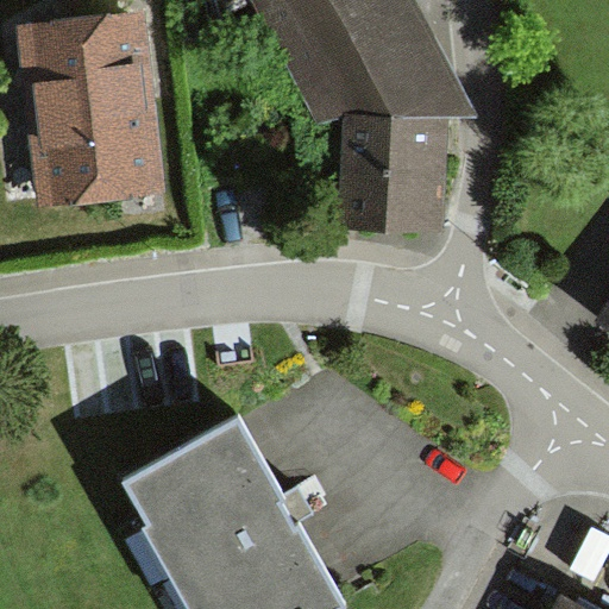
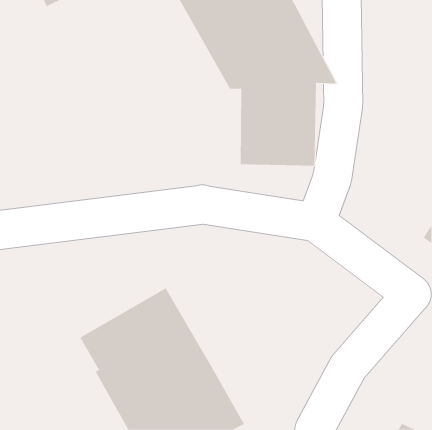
building: [17,15,168,211] -> none

